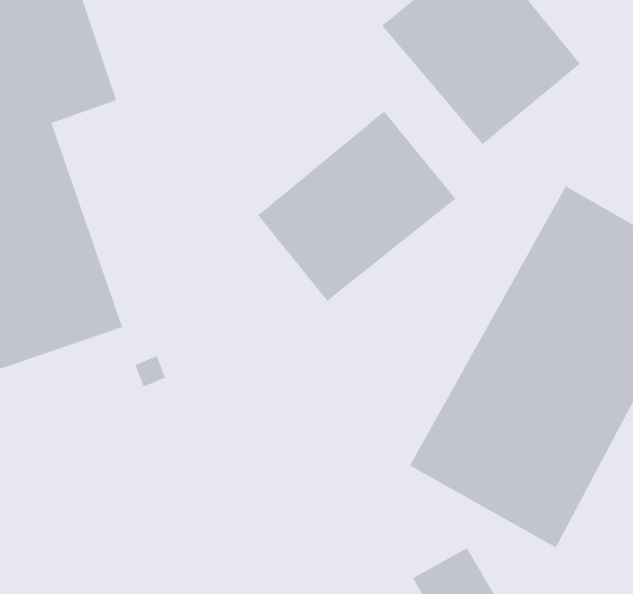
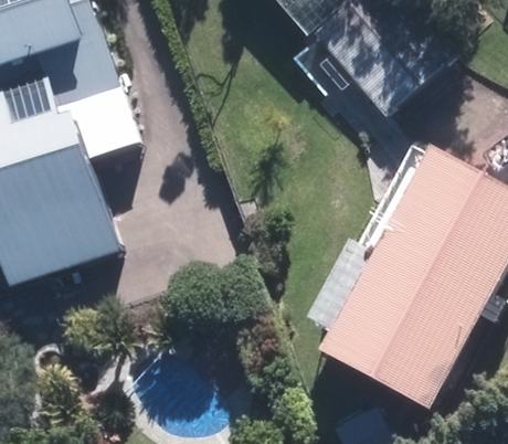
building: [257,111,457,302] -> none

